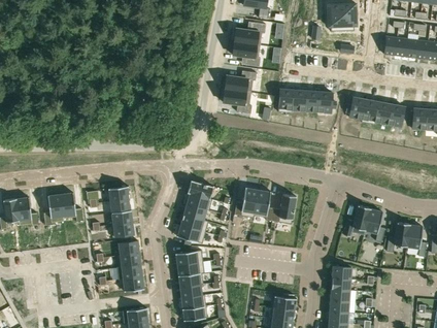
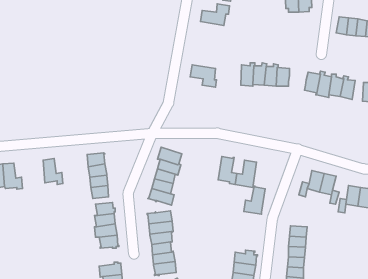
building: [232,41,260,67] -> none
building: [225,70,256,93] -> none
building: [234,187,258,218] -> [244,186,265,214]
building: [43,194,64,225] -> none

